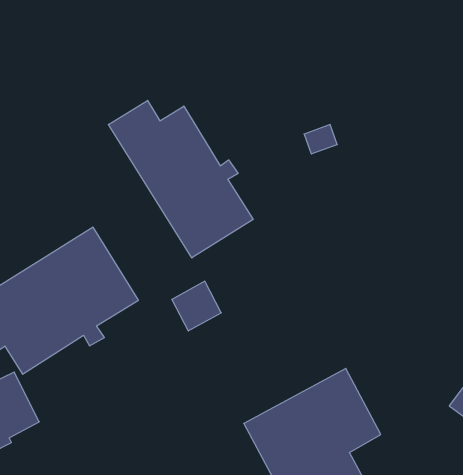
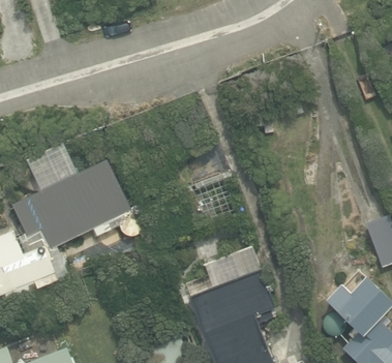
building: [108,100,253,258] -> none

